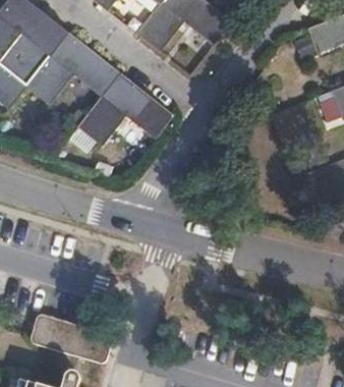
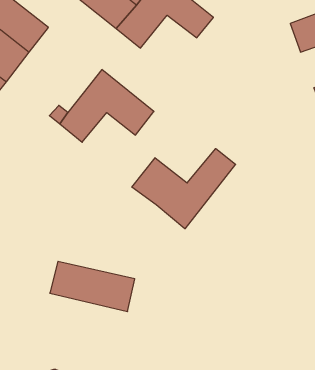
building: [24,32,119,104] -> none
building: none -> [132,149,236,229]
building: [31,313,115,363] -> [50,261,135,312]

